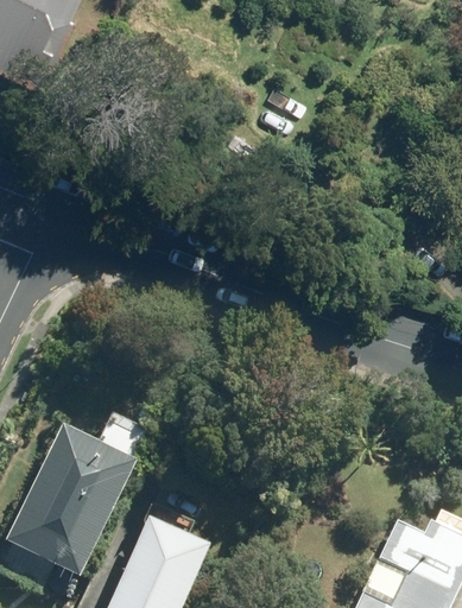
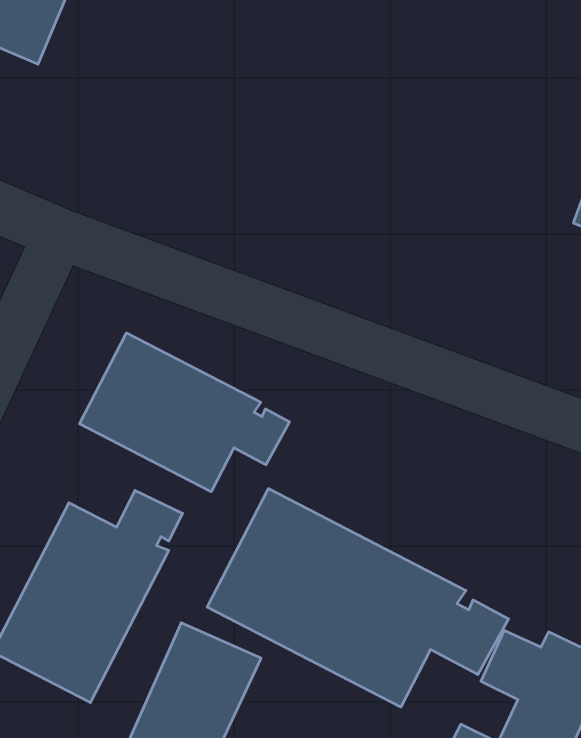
building: none -> [80,333,289,492]
building: none -> [207,489,509,707]

